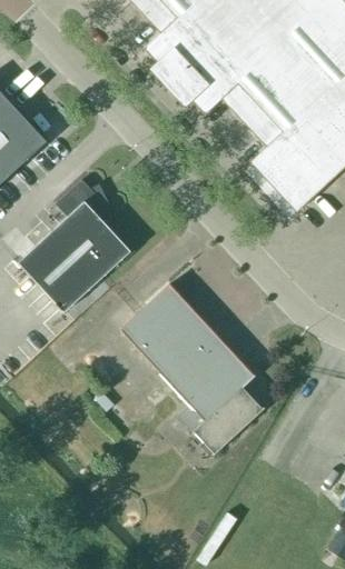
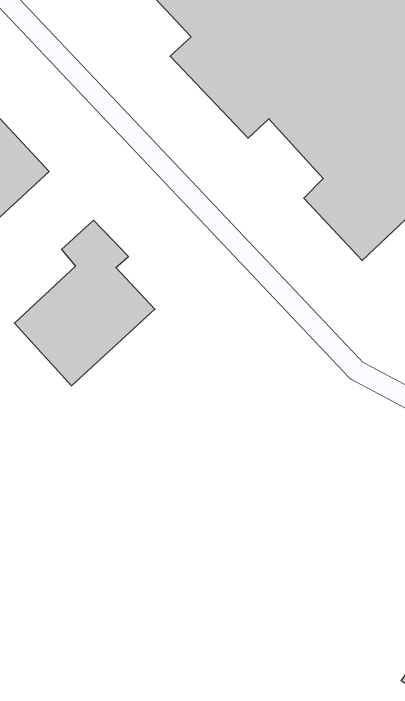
building: [120,282,265,453] -> none

